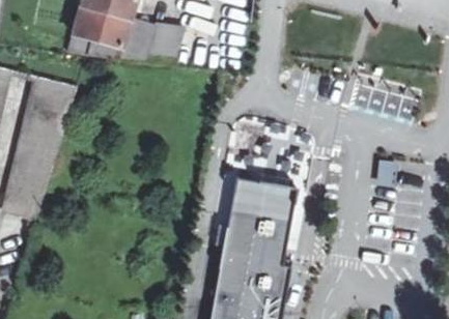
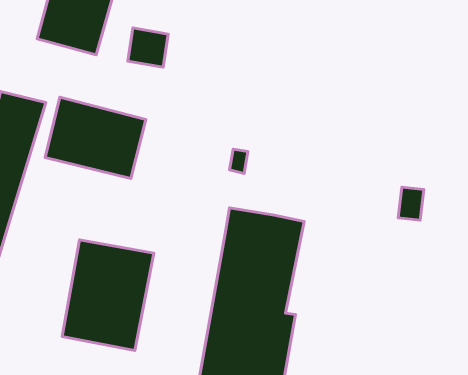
building: none -> [45,97,146,178]
building: none -> [62,240,154,350]

